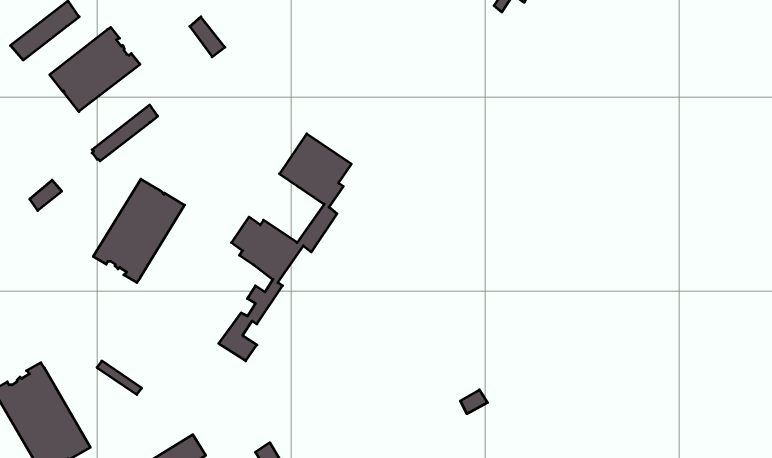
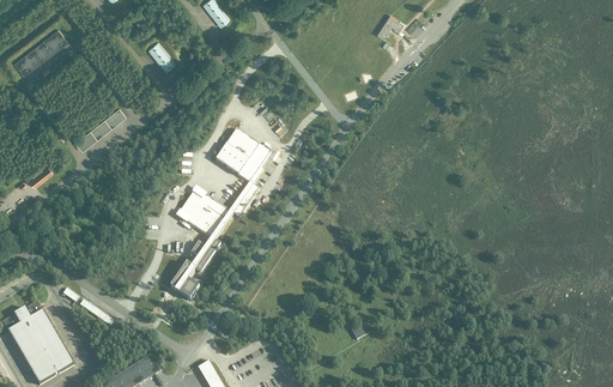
building: [50,27,140,112] -> none
building: [93,179,185,283] -> none

